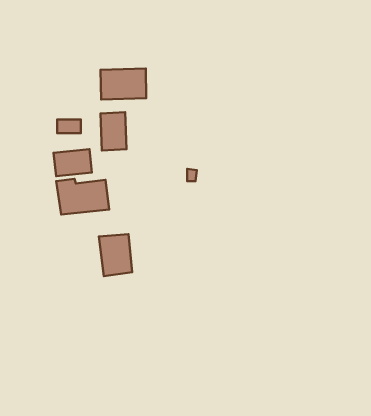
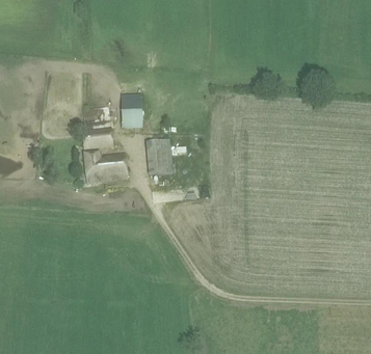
building: [101,68,146,100] -> none
building: [99,234,132,276] -> [144,142,173,178]

